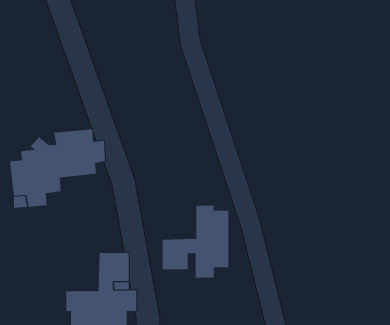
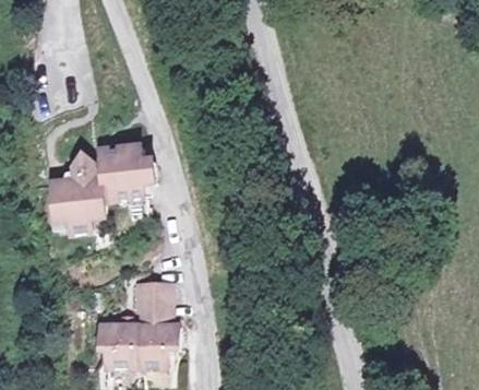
building: [162,205,229,278] -> none

